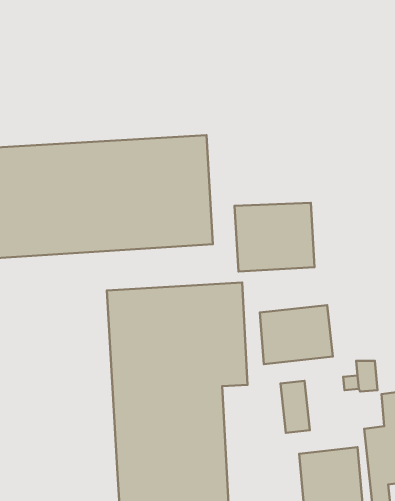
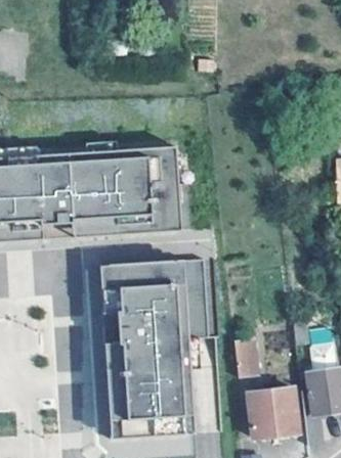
building: [235,203,315,272] -> none
building: [260,305,333,364] -> none

